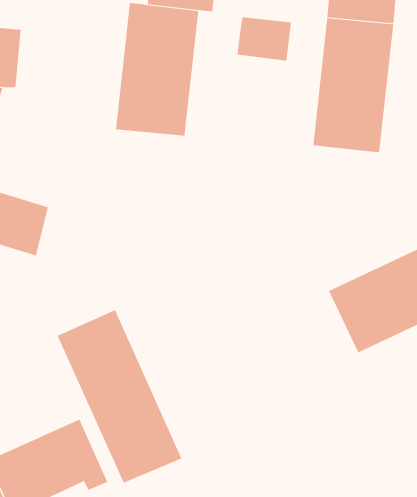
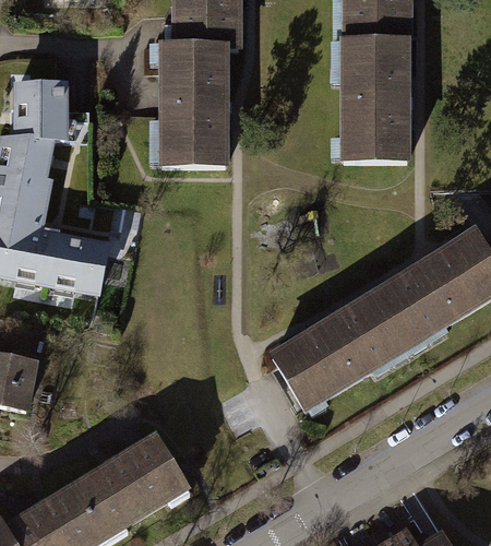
building: [237,16,291,62] -> none
building: none -> [273,294,407,408]
building: [57,309,182,483] -> none

